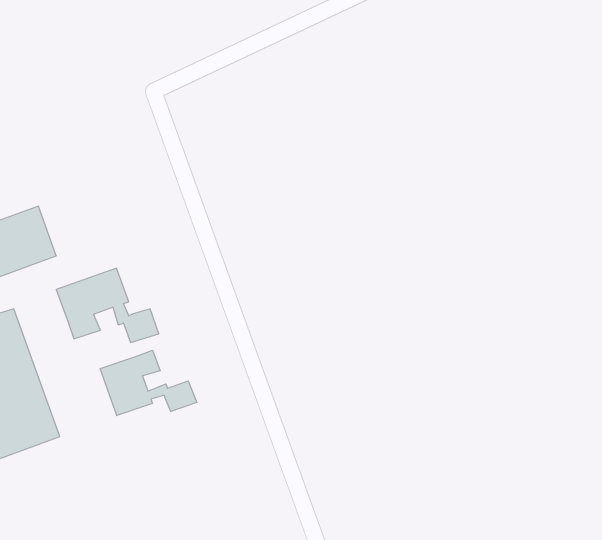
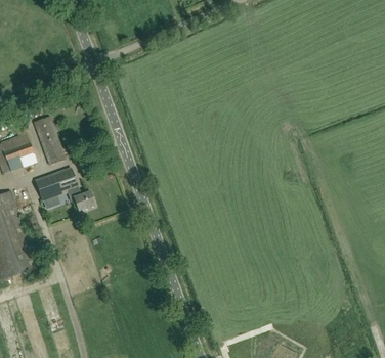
building: none -> [33,116,65,165]
building: [100,350,197,416] -> none

